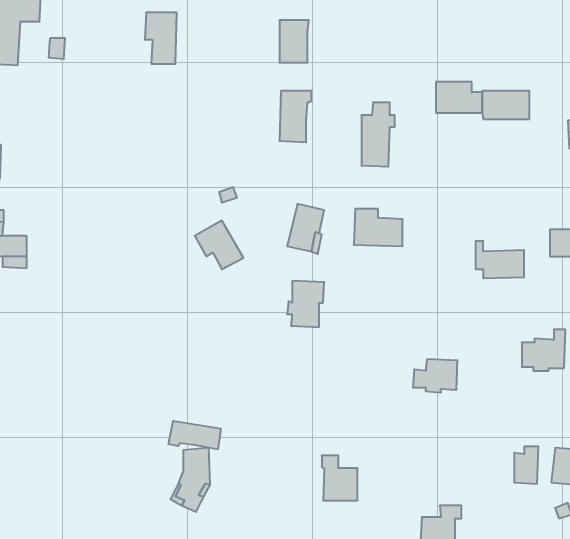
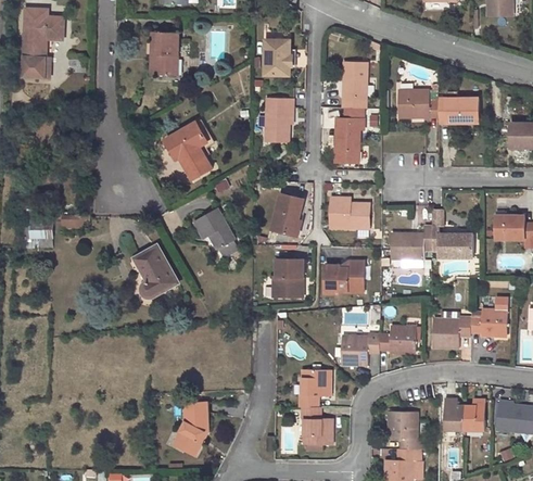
building: none -> [342,63,366,109]
building: none -> [165,123,212,179]
building: none -> [390,226,431,258]
building: none -> [135,245,177,299]
building: none -> [323,262,363,294]
building: none -> [431,312,470,349]
building: none -> [339,334,379,366]
building: none -> [297,369,330,407]
building: [169,421,221,449] -> none
building: none -> [443,400,464,430]
building: none -> [386,410,428,450]

